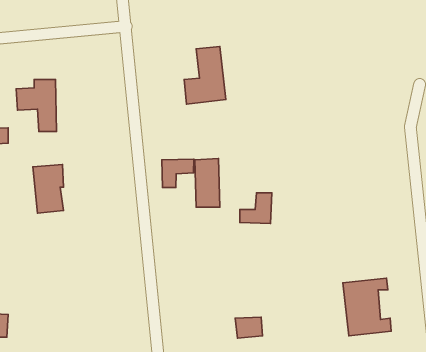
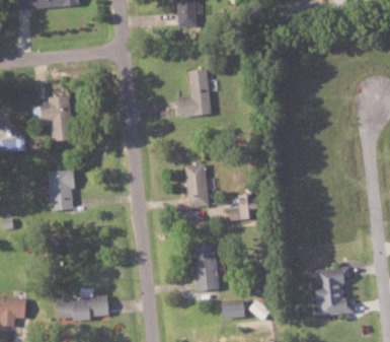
building: [162,159,194,188] -> none
building: none -> [194,246,218,290]
building: none -> [57,296,110,320]

